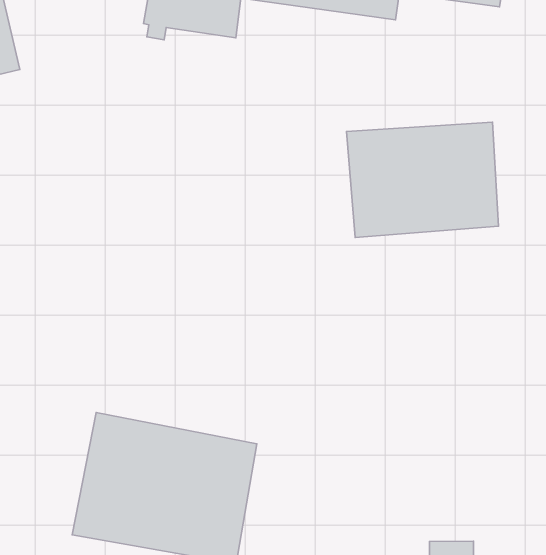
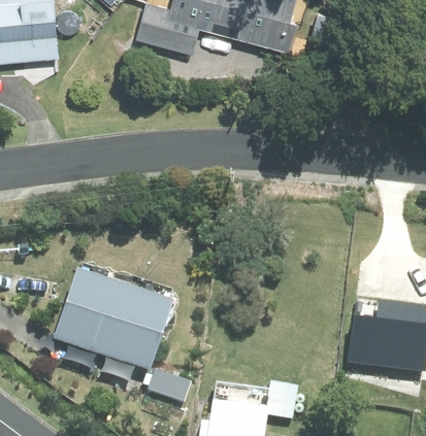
building: [346,122,499,237] -> none

